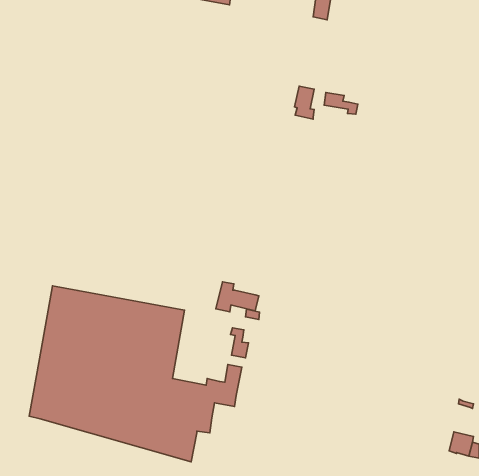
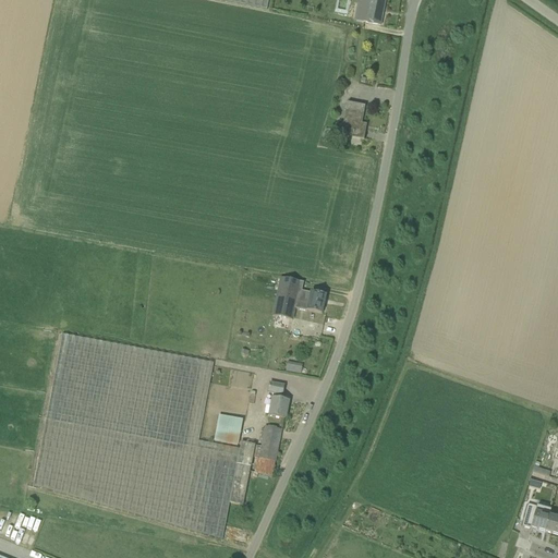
building: [324,92,358,114] -> none
building: [216,282,259,312] -> [276,278,326,313]
building: none -> [214,414,243,445]

